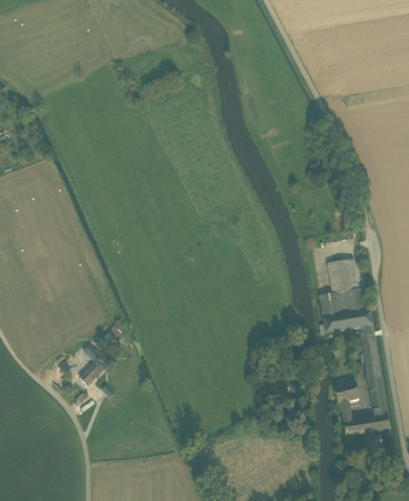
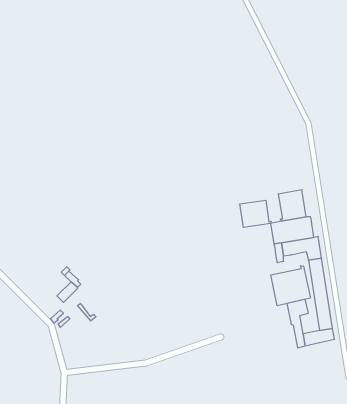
building: none -> [240,200,271,227]
building: none -> [271,266,310,306]

